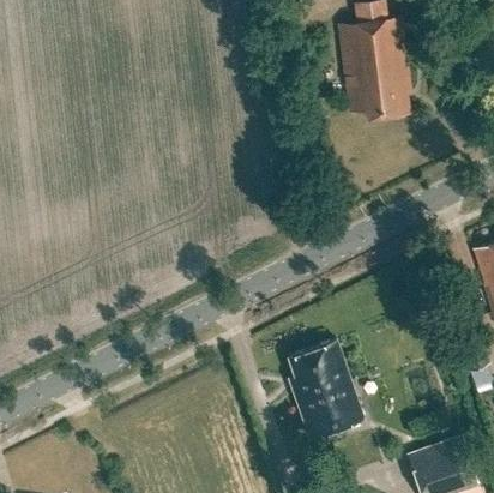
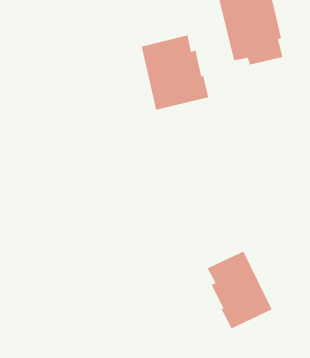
building: none -> [141,34,209,111]

